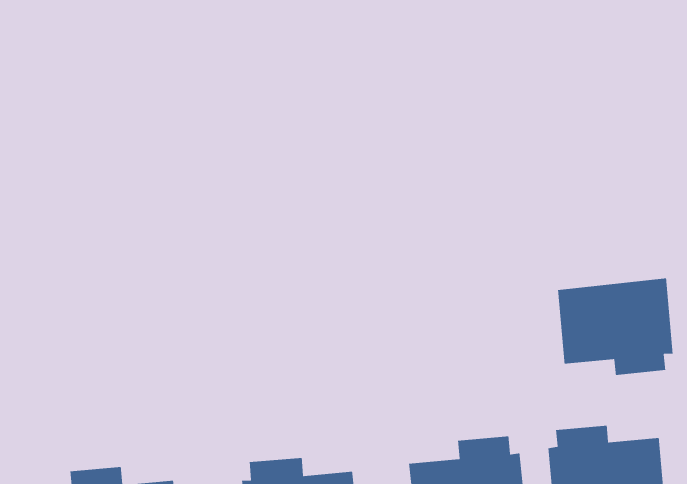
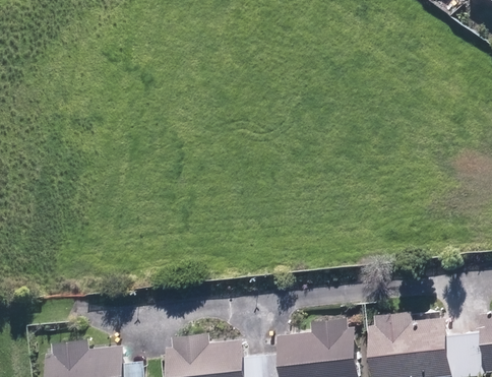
building: [557,278,674,376] -> none

